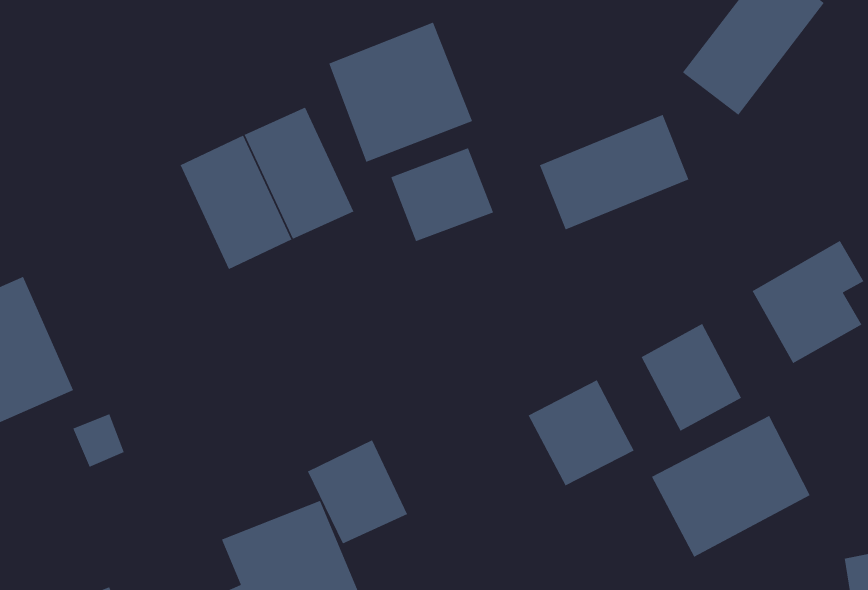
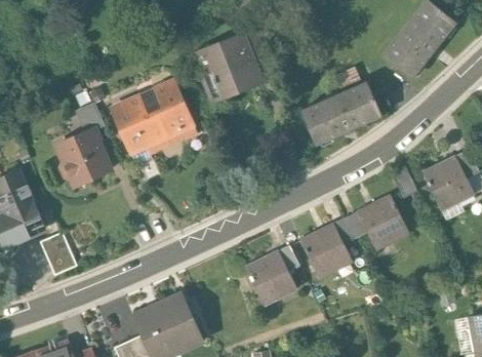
building: [390,147,494,242] -> none
building: none -> [50,125,116,192]
building: none -> [334,211,369,245]
building: [651,415,811,558] -> none
building: [307,439,408,544] -> [243,249,298,307]

